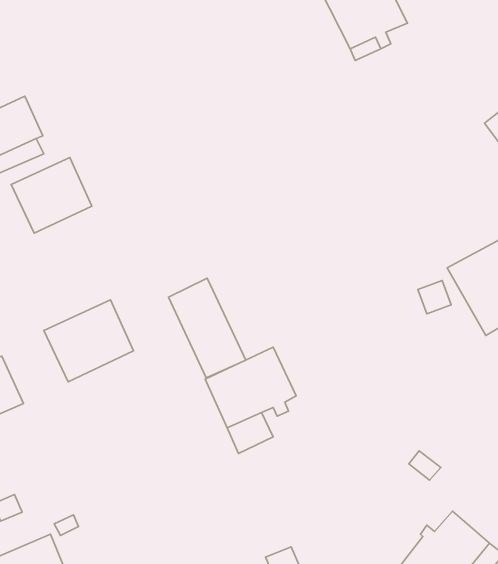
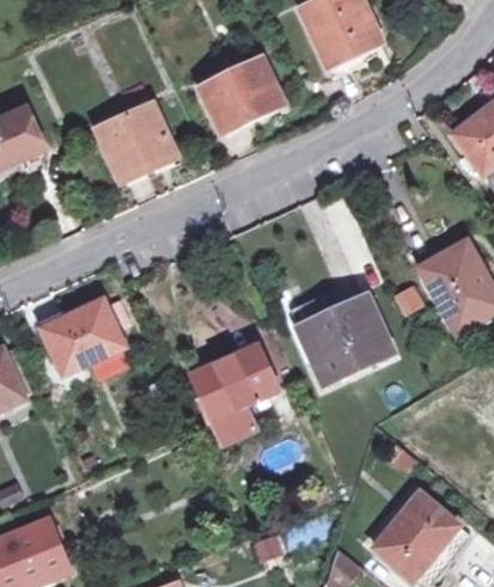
building: none -> [200,55,282,130]
building: [11,158,92,233] -> [97,105,172,176]
building: [169,278,246,378] -> none
building: none -> [297,293,392,381]

